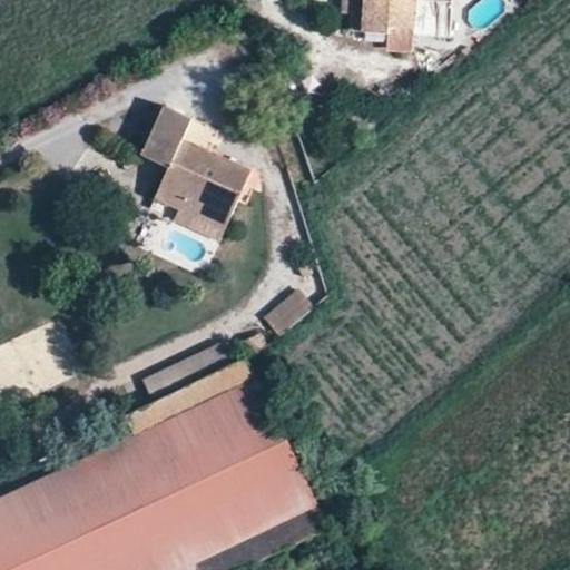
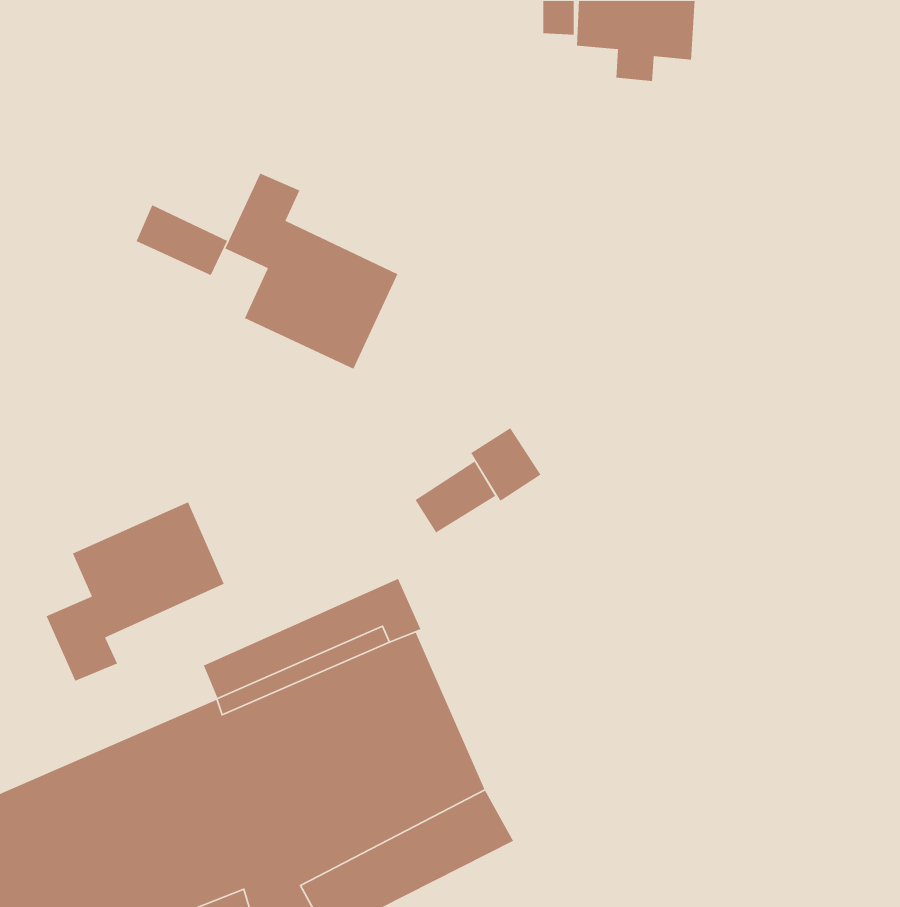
building: none -> [136,204,228,276]
building: none -> [470,427,542,502]
building: none -> [46,501,225,682]

